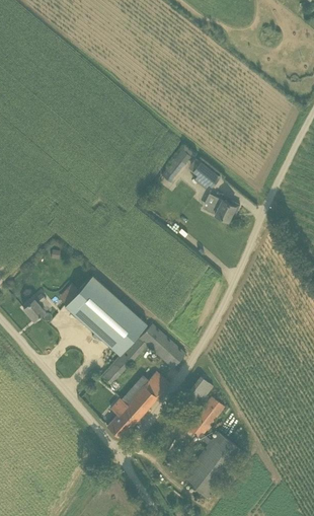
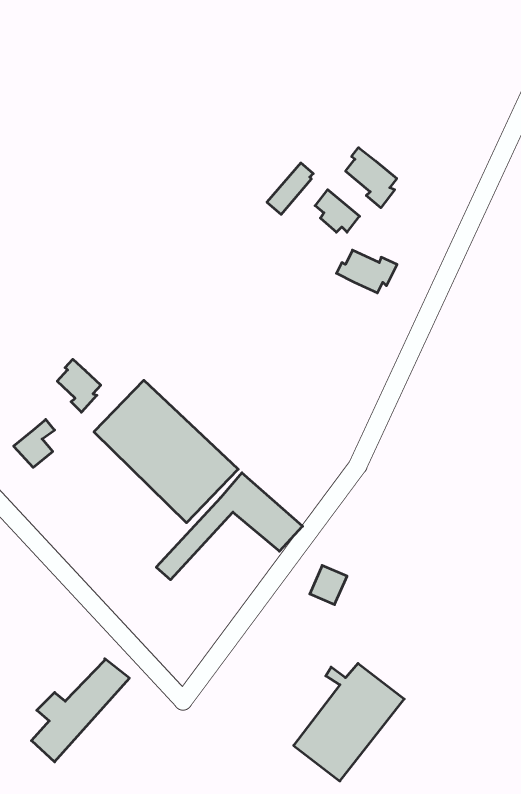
building: none -> [346,148,397,208]
building: none -> [57,359,101,412]
building: [105,379,161,438] -> [31,659,129,762]
building: [184,395,223,439] -> none

